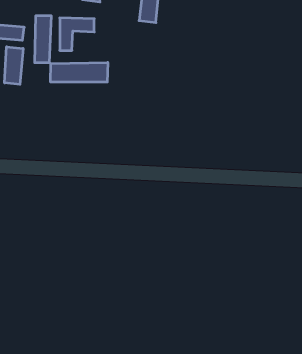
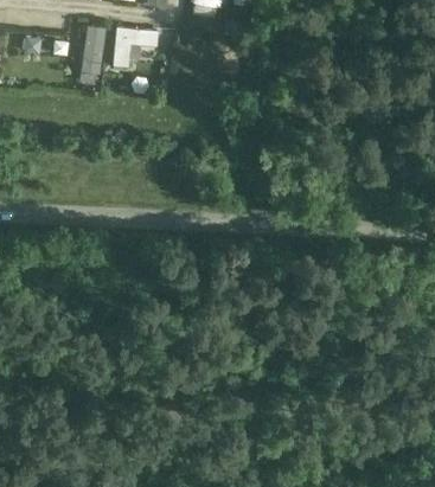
building: [5,47,23,84] -> none
building: [51,62,108,82] -> none

